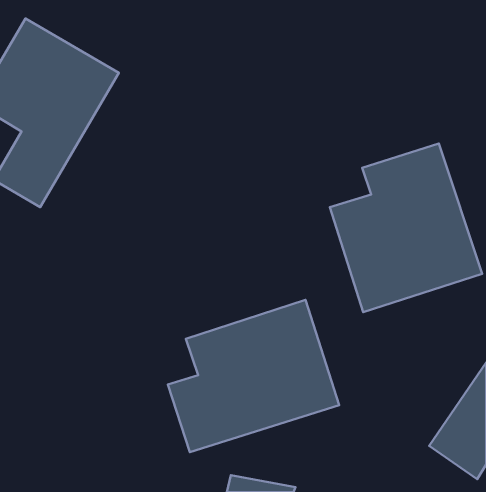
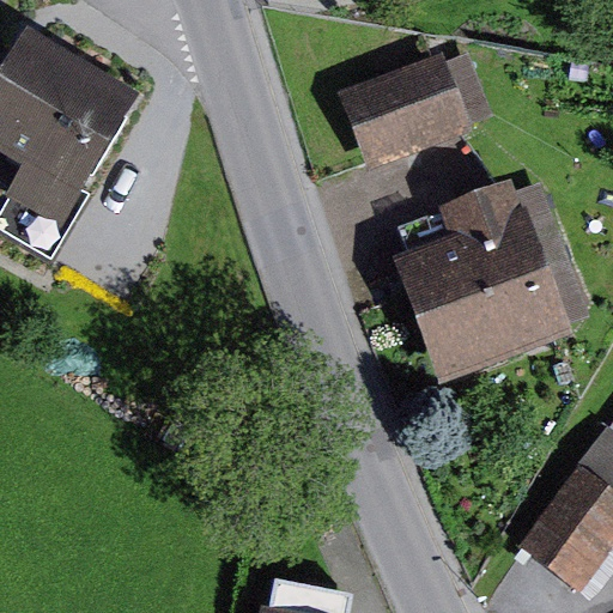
building: none -> [339,48,475,169]
building: [168,300,339,452] -> none

